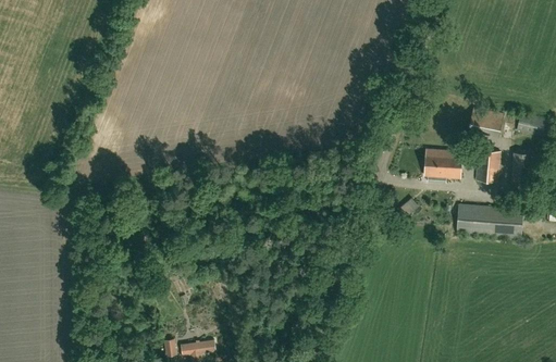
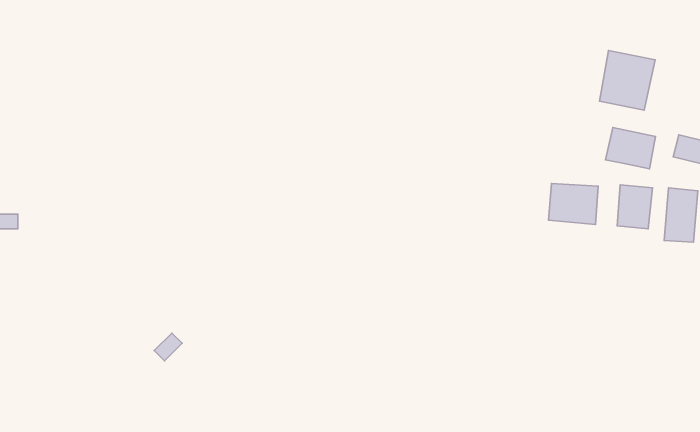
building: none -> [599,51,655,110]
building: [457,204,523,237] -> none

